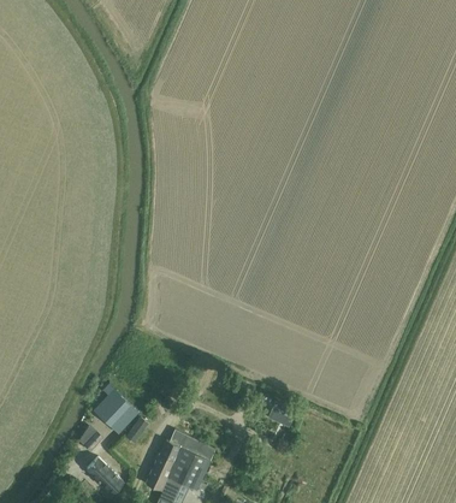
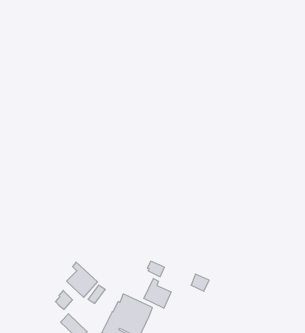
building: none -> [144,278,171,308]

